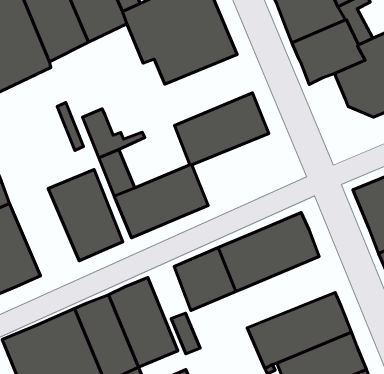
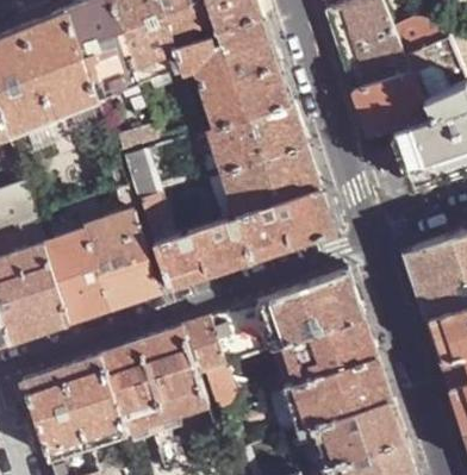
building: none -> [206,101,305,171]
building: none -> [236,187,334,258]
building: none -> [41,229,110,320]
building: none -> [284,320,378,386]
building: none -> [187,320,224,375]

